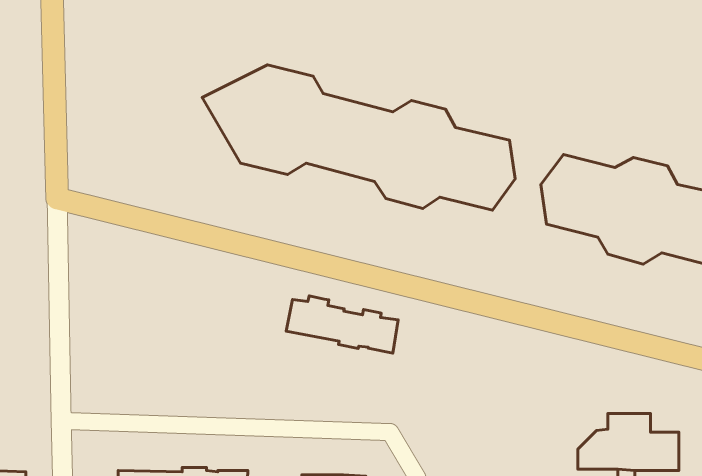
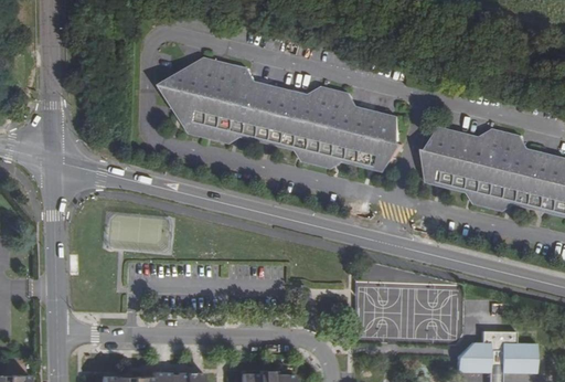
building: [286,296,398,353] -> none

